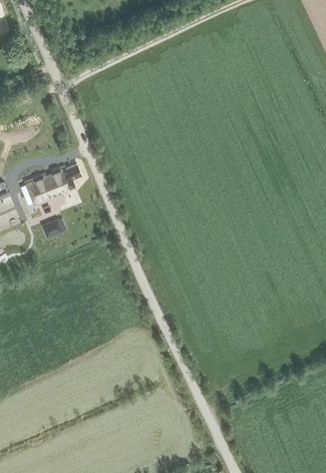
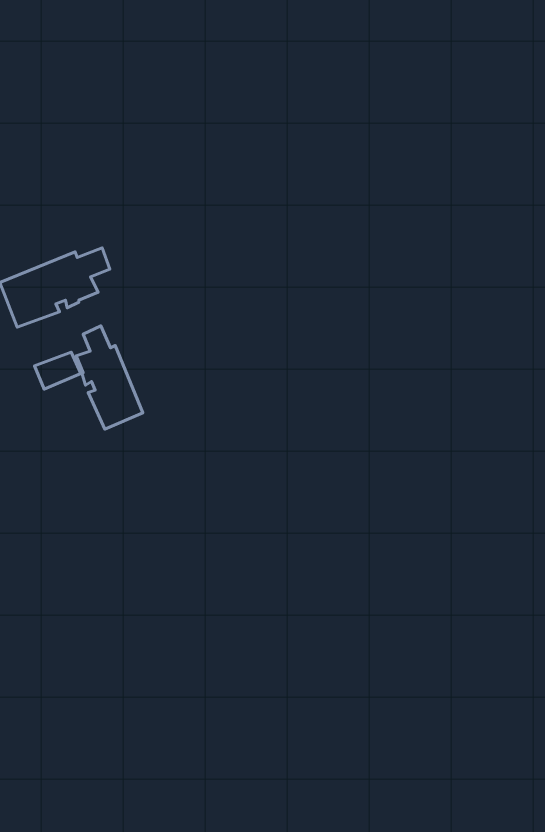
building: none -> [76,326,143,429]

